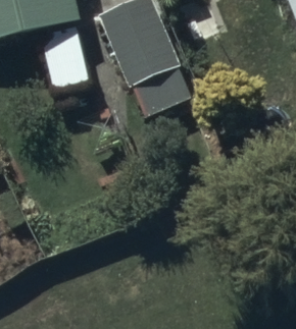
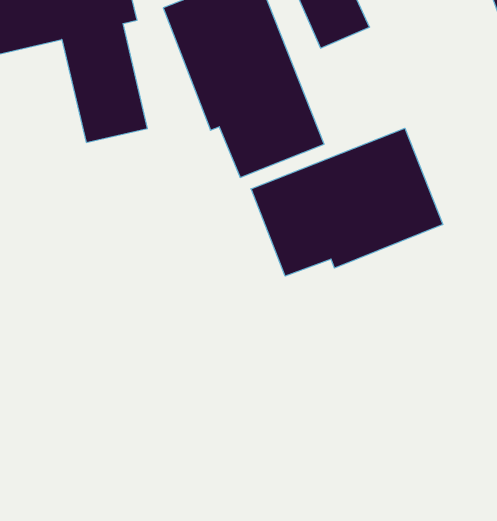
building: none -> [251,128,443,276]

